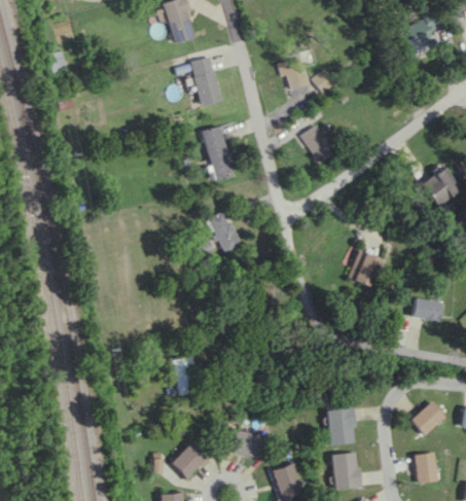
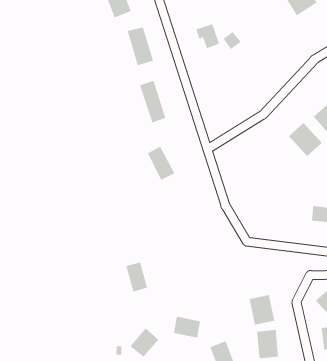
building: [299,124,331,159] -> none
building: none -> [288,122,322,157]
building: [346,250,377,286] -> none

